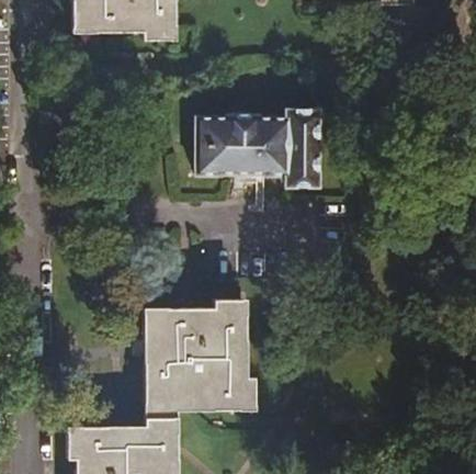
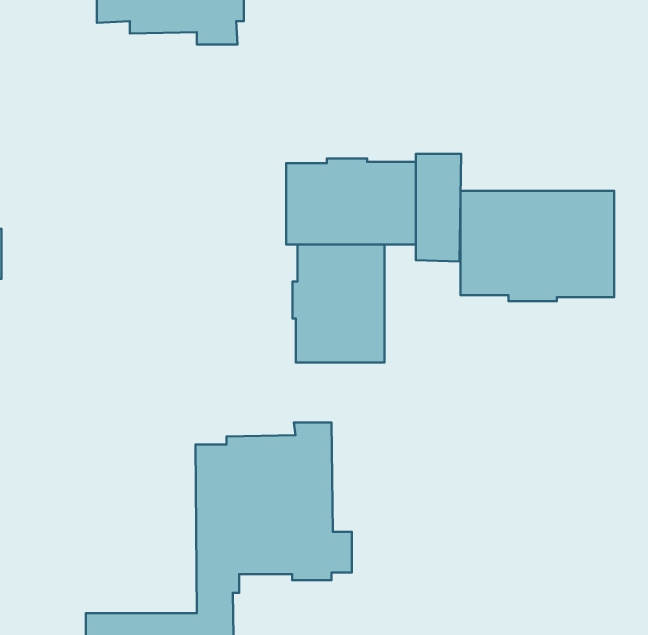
building: none -> [461,191,614,301]
building: none -> [293,244,384,362]

